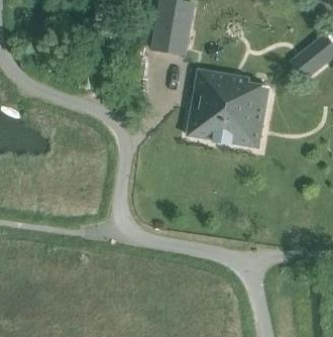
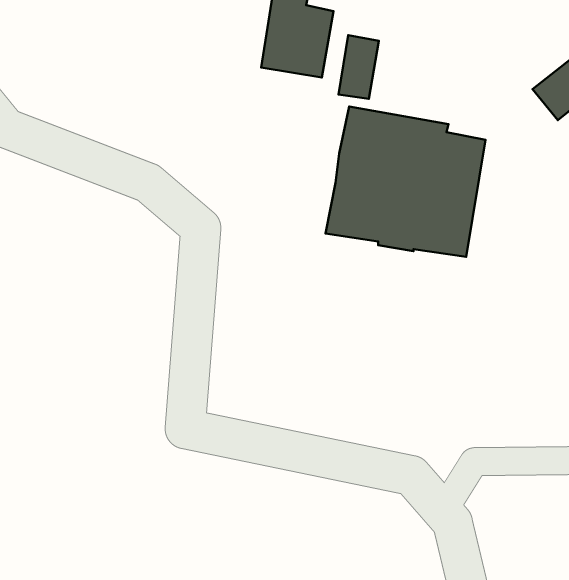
building: none -> [338,35,379,99]

